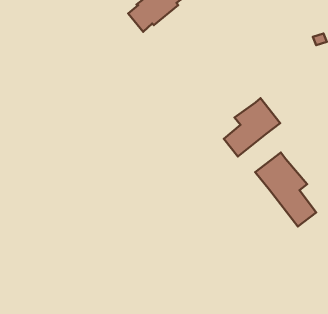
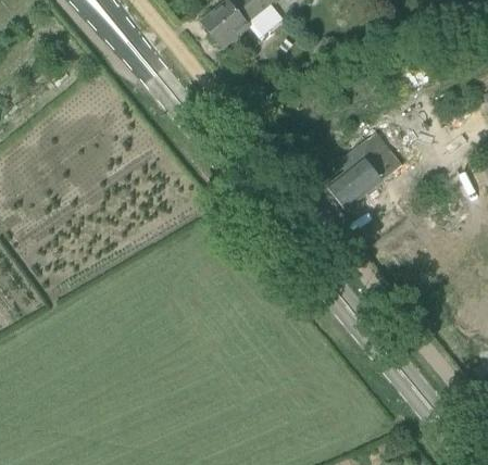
building: [255,152,316,226] -> none

